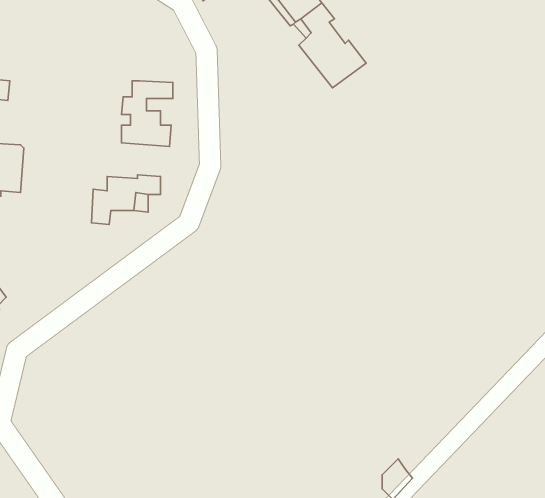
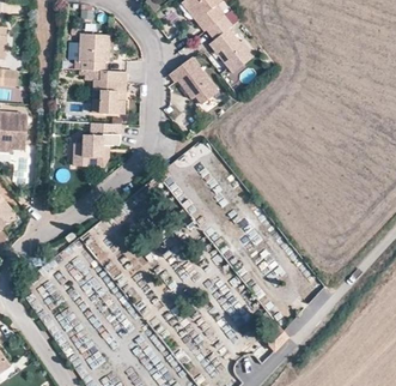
building: none -> [77,35,108,68]
building: none -> [170,58,219,102]

